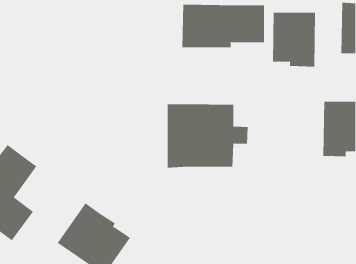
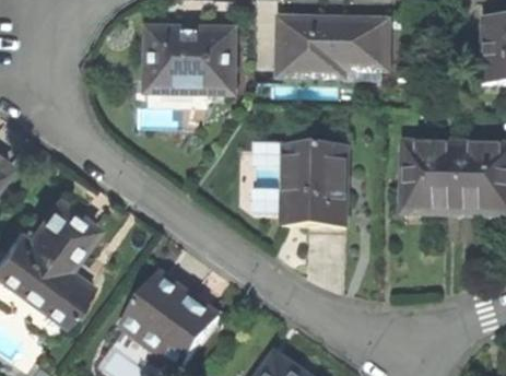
building: none -> [149,27,235,92]
building: [272,12,316,67] -> [407,142,462,212]

